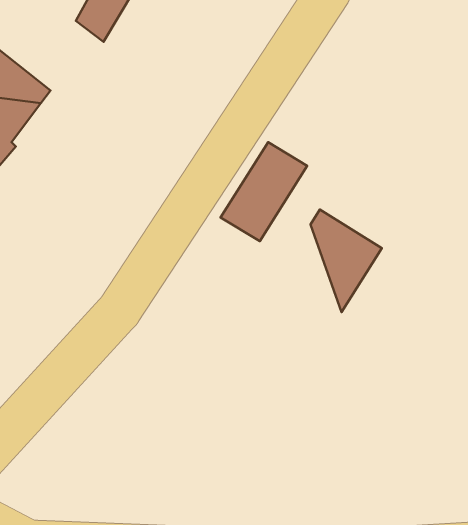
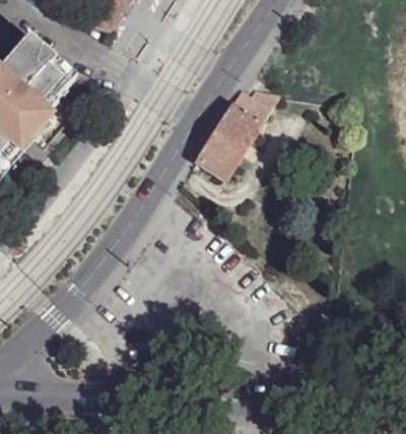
building: none -> [231,92,278,127]
building: [310,209,382,312] -> none

